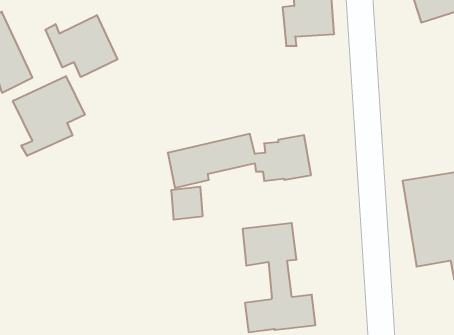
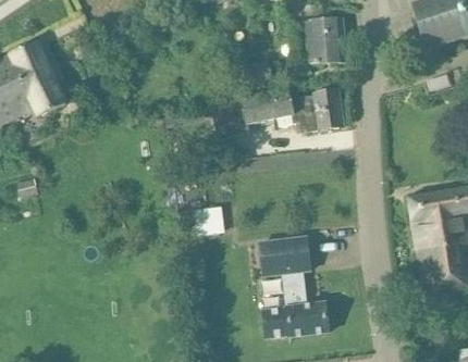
building: [45,15,117,77] -> none
building: [13,76,85,156] -> none
building: [168,134,311,188] -> [212,87,345,137]

